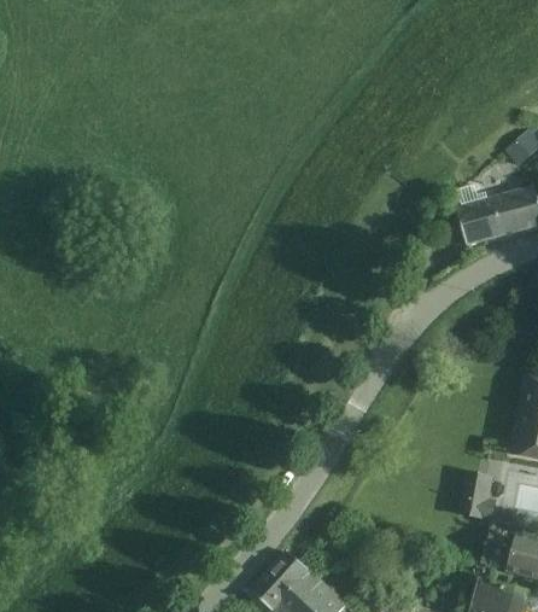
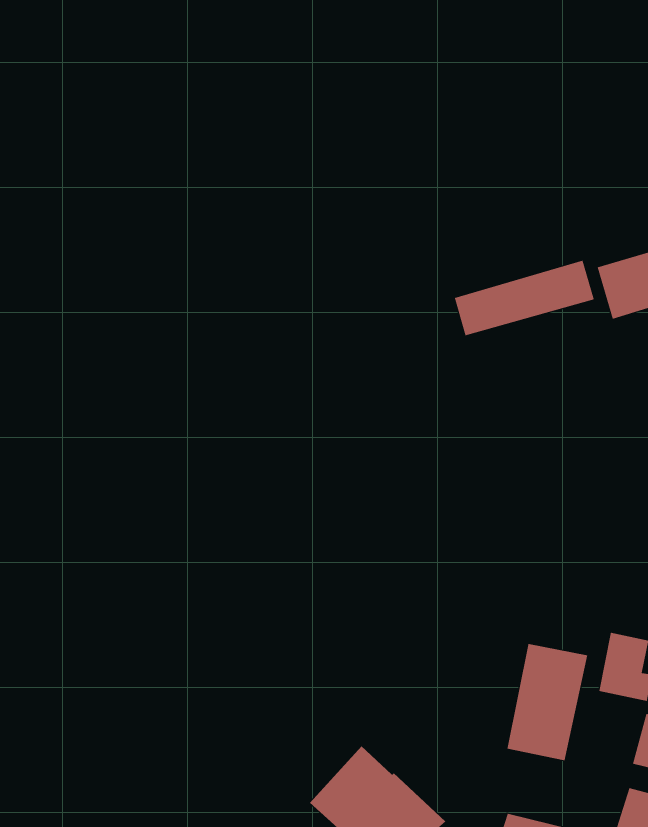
building: none -> [454,260,594,336]
building: none -> [507,643,588,761]

